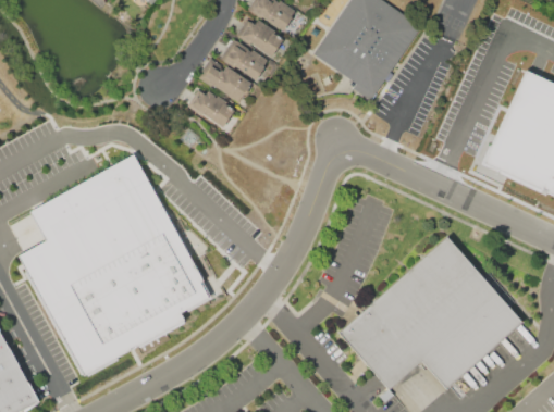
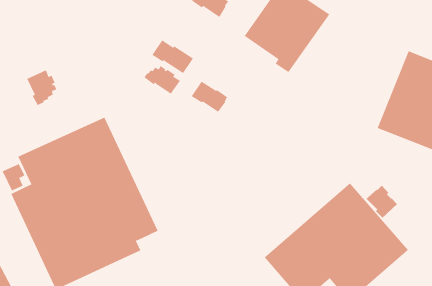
building: [236,18,283,55] -> none
building: [221,39,268,79] -> [191,81,228,113]
building: none -> [27,69,57,106]
building: none -> [366,185,398,218]

